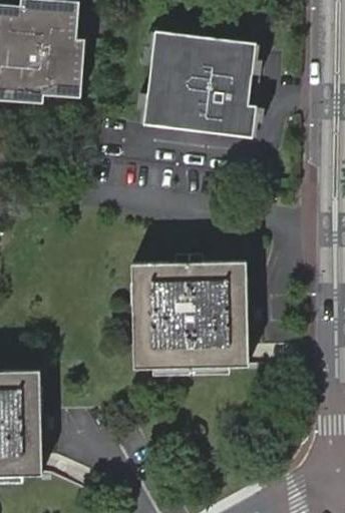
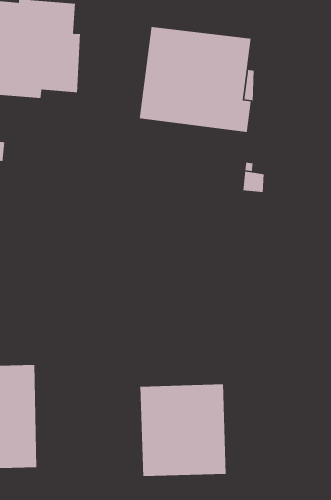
building: [130,262,249,368] -> none
building: none -> [139,384,226,477]

